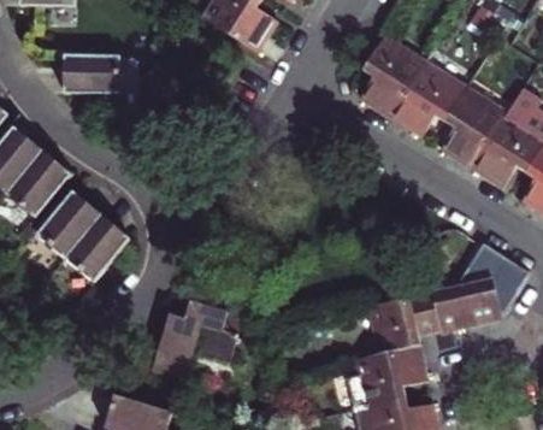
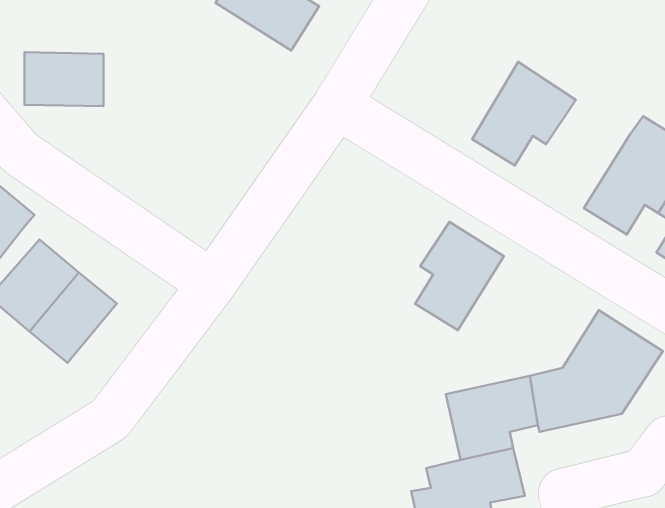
building: [359,35,424,117] -> none
building: [441,88,506,167] -> [415,222,504,330]
building: [152,299,238,378] -> none

